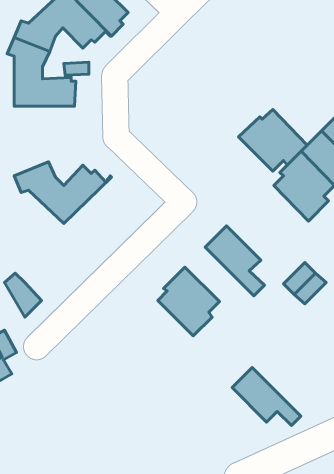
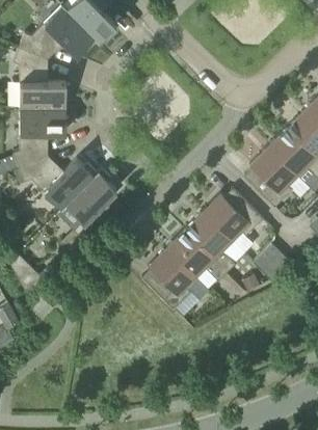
building: none -> [10,106,70,167]
building: [238,110,307,171] -> [203,187,263,241]
building: none -> [60,168,116,236]
building: [232,368,301,426] -> [166,230,227,280]

